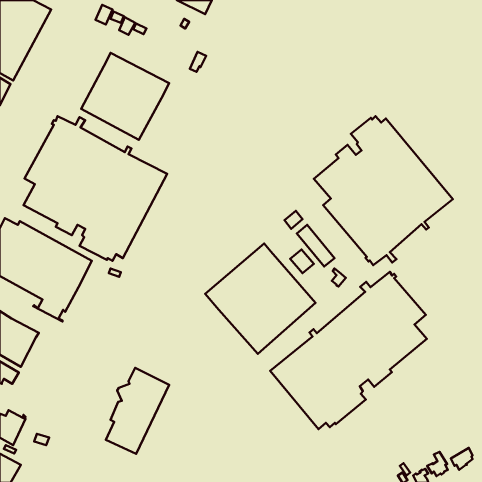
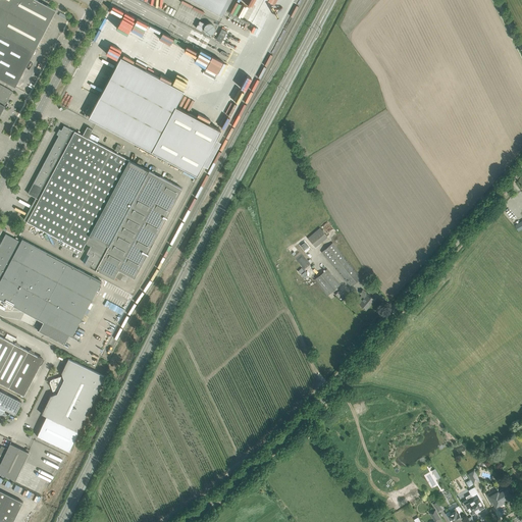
building: none -> [150,107,219,175]
building: [314,116,453,265] -> none
building: [205,243,315,354] -> none
building: [270,272,427,429] -> none
building: [106,368,169,454] -> [36,359,104,452]

